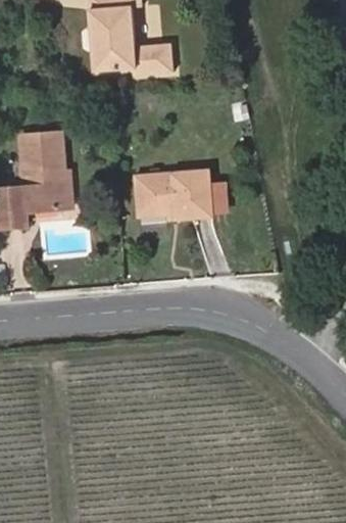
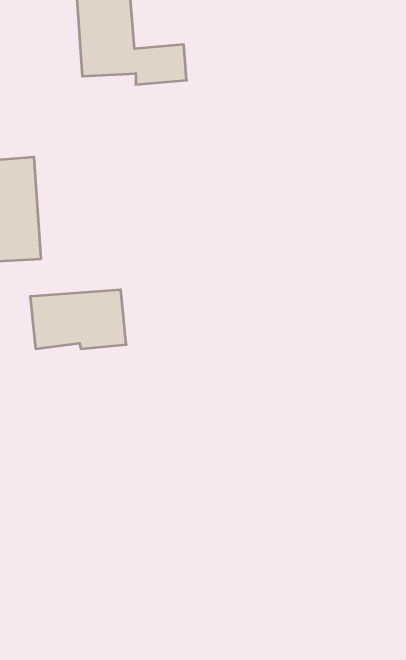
building: [136,175,207,219] -> [30,290,126,349]

